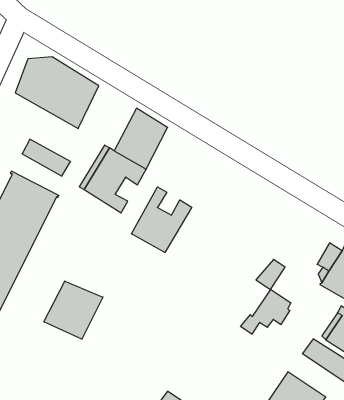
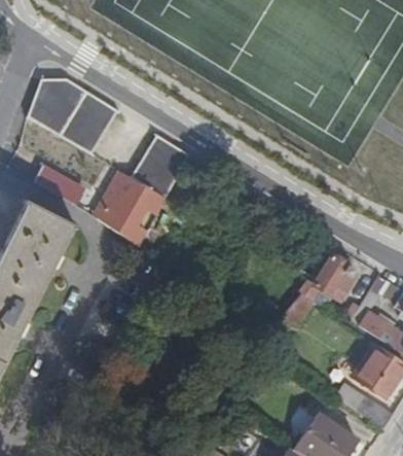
building: [131,187,192,253] -> none
building: [44,281,103,339] -> none
building: [240,289,291,334] -> [301,255,355,303]

